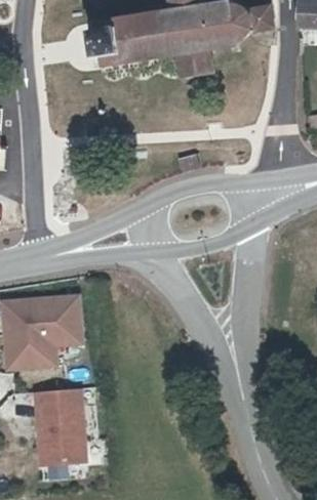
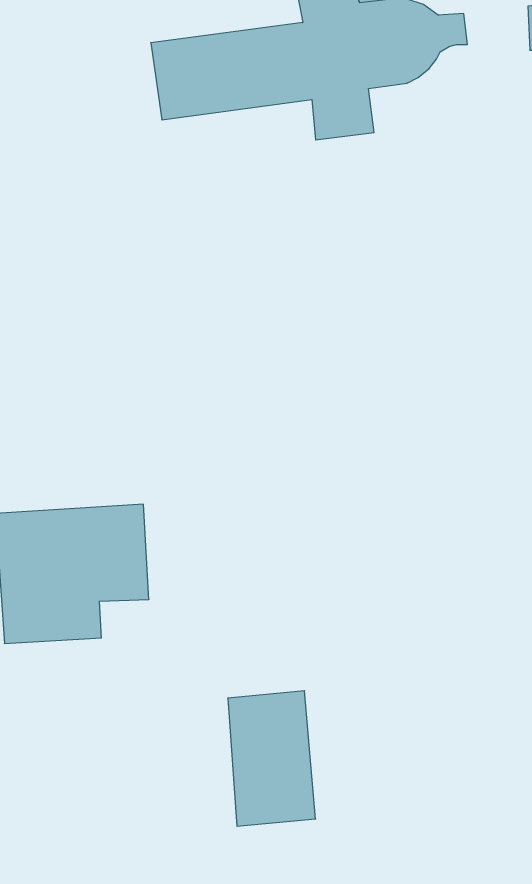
building: [43,395,92,471] -> [228,691,316,826]

